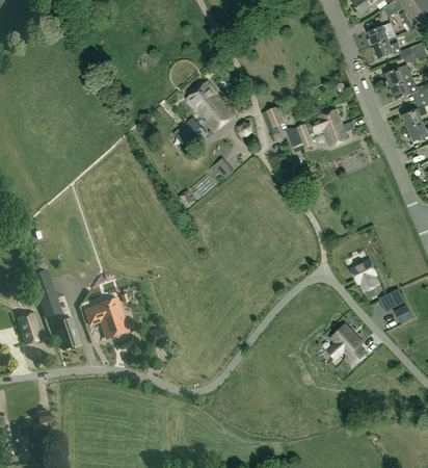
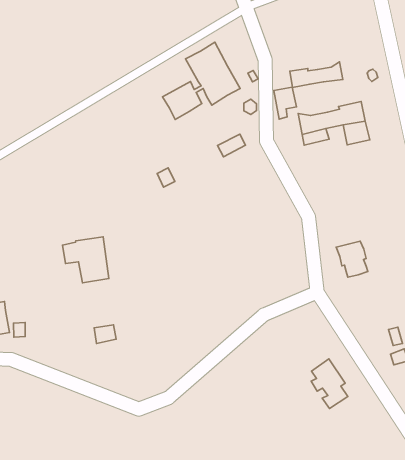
building: none -> [290,62,343,88]
building: [350,260,379,291] -> [336,241,368,277]
building: [85,297,128,338] -> [62,237,109,283]

